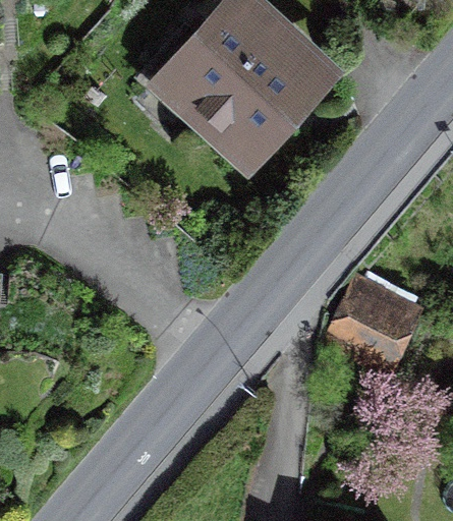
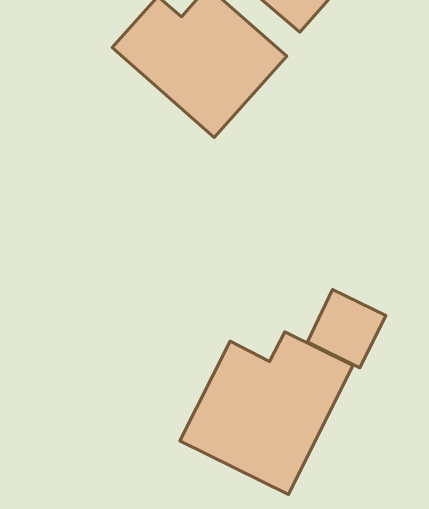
building: none -> [180,332,353,494]

